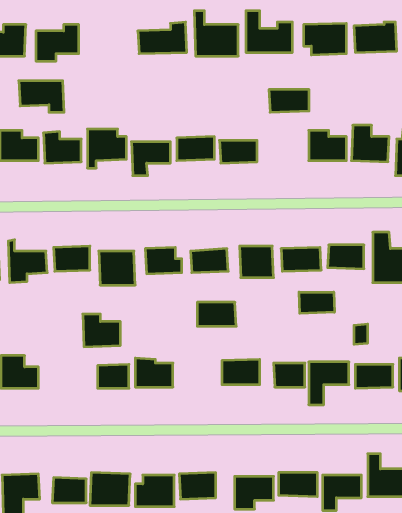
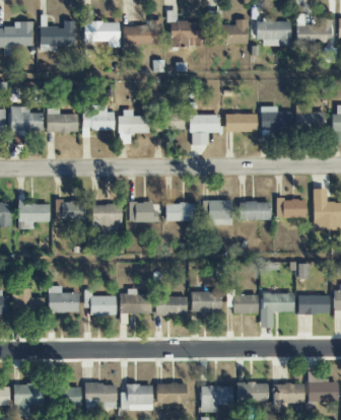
building: [19,81,64,112] -> [83,21,120,47]
building: [269,90,309,112] -> [224,114,257,132]
building: [299,292,334,313] -> none
building: [197,302,236,326] -> [155,296,187,316]
building: [83,314,120,347] -> [48,286,78,312]

